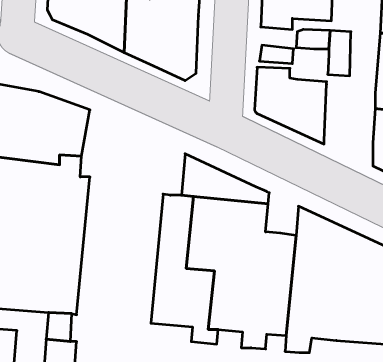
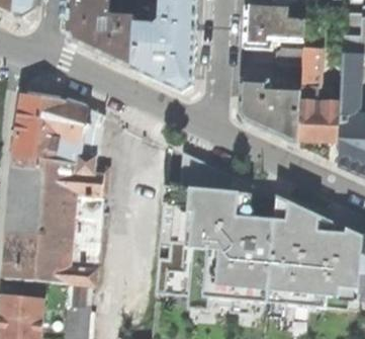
building: none -> [297,93,340,142]

